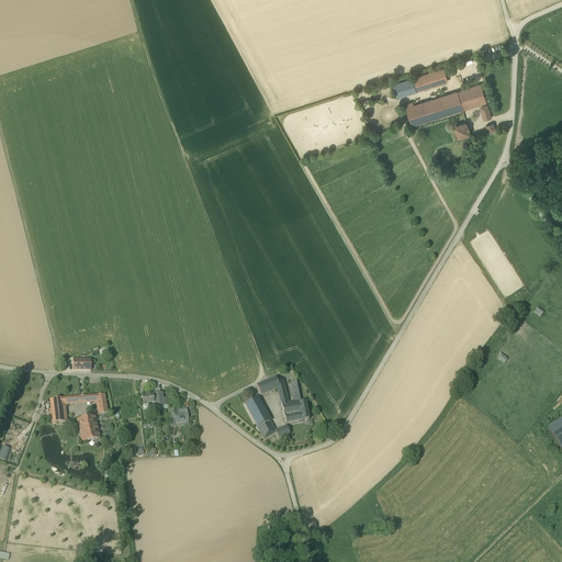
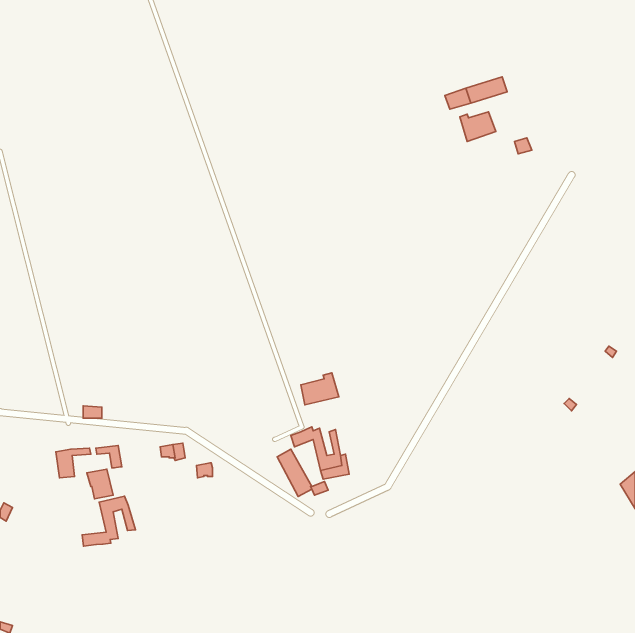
building: [431,83,486,116] -> none
building: none -> [301,373,339,405]
building: none -> [82,496,135,546]

